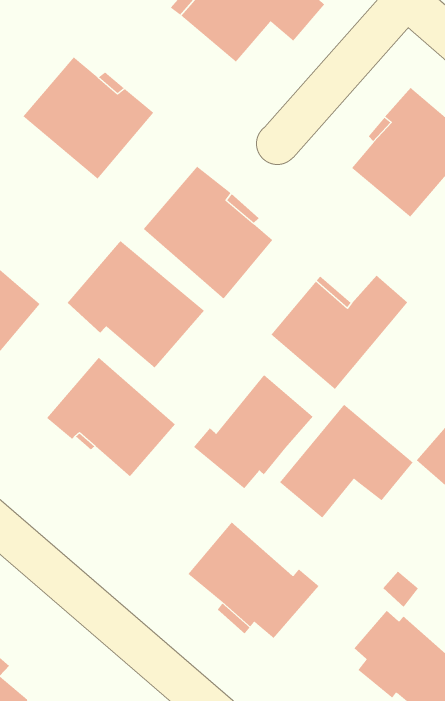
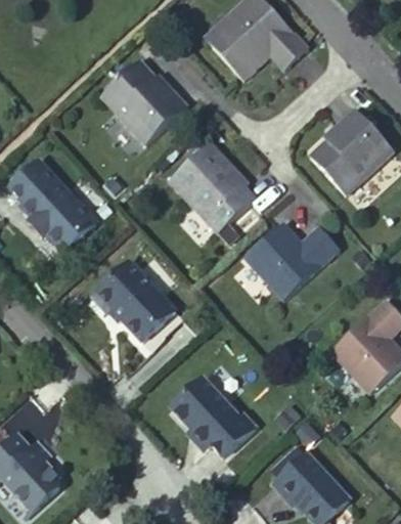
building: [67,240,205,368] -> none
building: [193,374,313,489] -> none
building: [279,404,413,518] -> none

